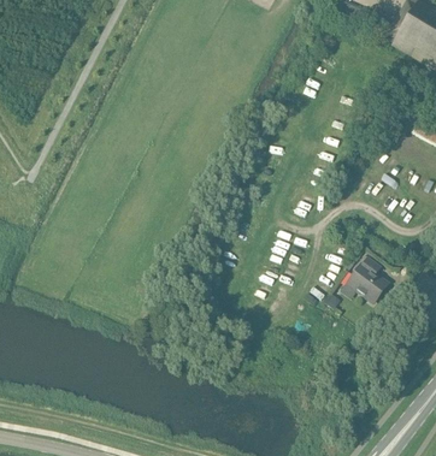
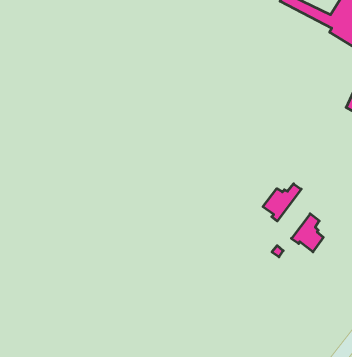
building: none -> [263,184,301,221]

